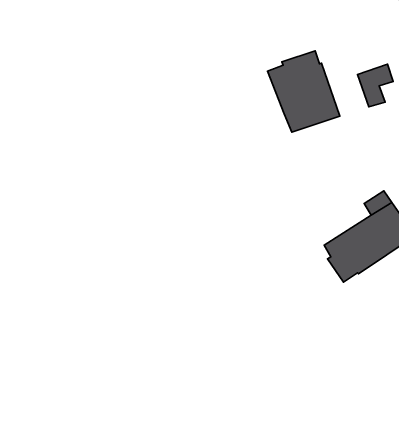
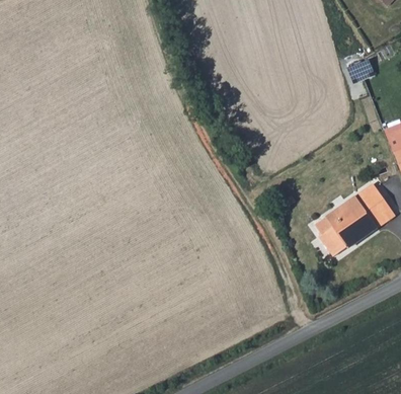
building: [267,51,340,132] -> none

